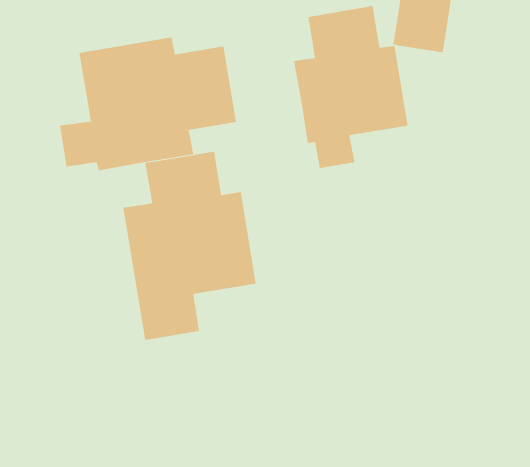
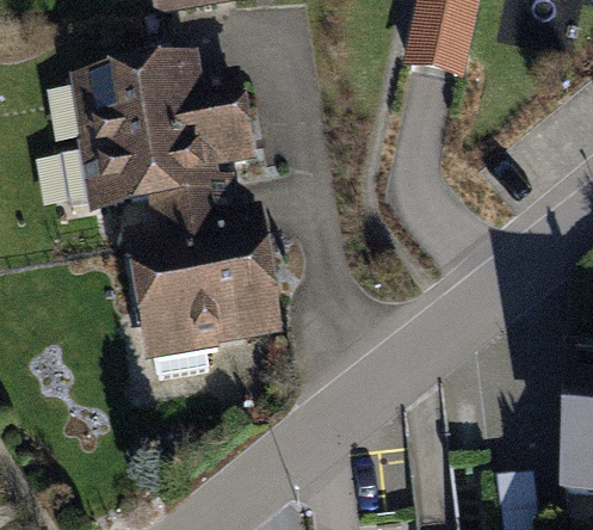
building: [294,5,408,169] -> none

